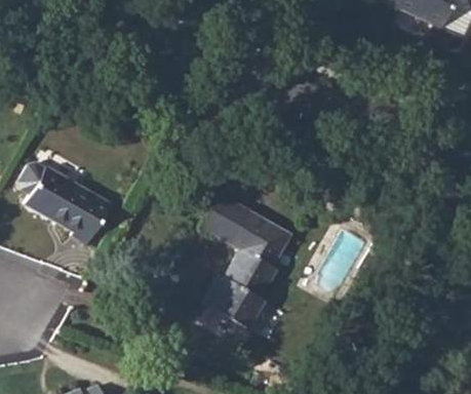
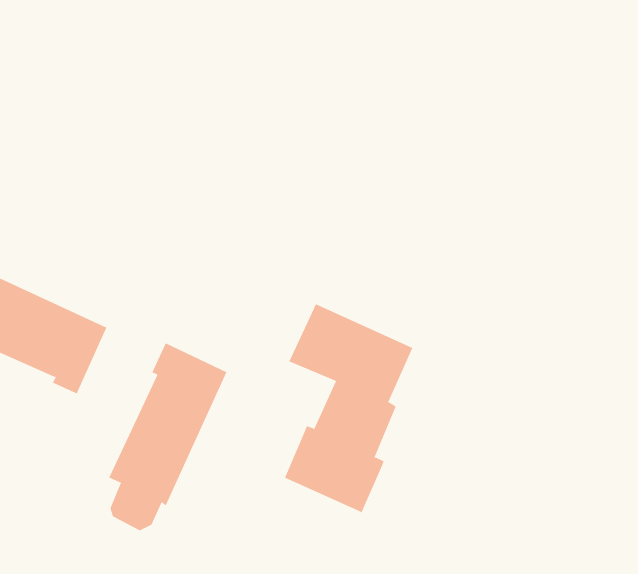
building: none -> [108,343,227,531]

